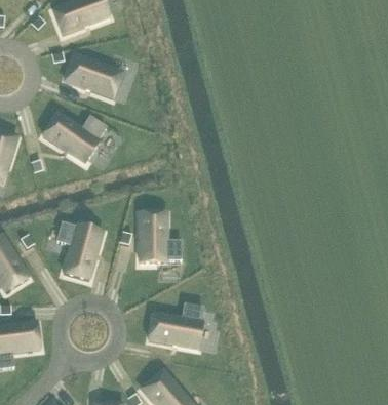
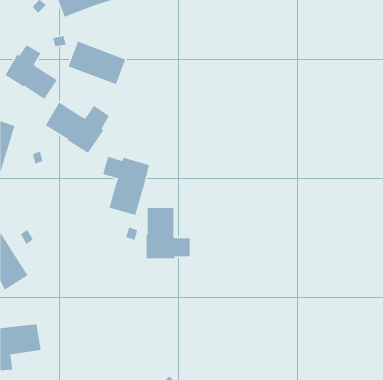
building: none -> [5,44,58,100]
building: [56,224,102,280] -> [102,156,150,216]
building: [148,306,202,350] -> none

